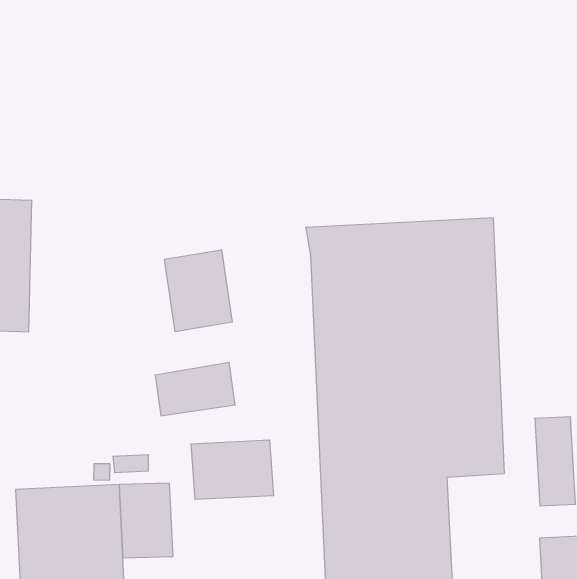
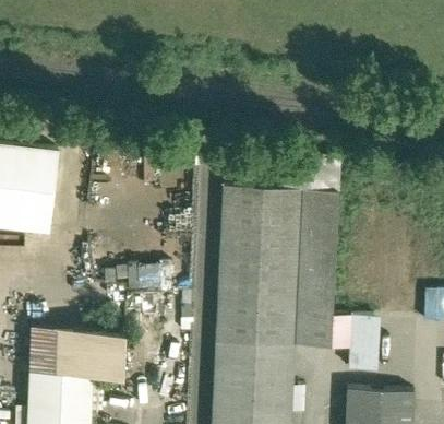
building: [165,250,232,332] -> none
building: [191,440,273,500] -> none

